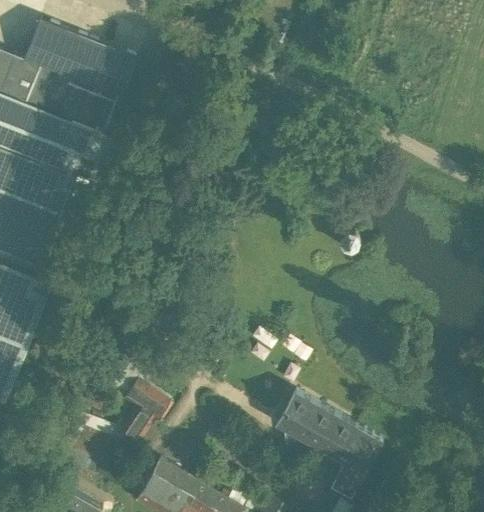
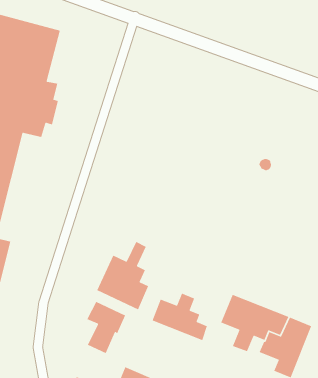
building: none -> [96,241,149,310]
building: none -> [151,292,208,341]

